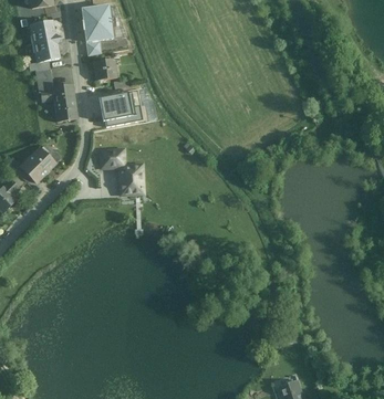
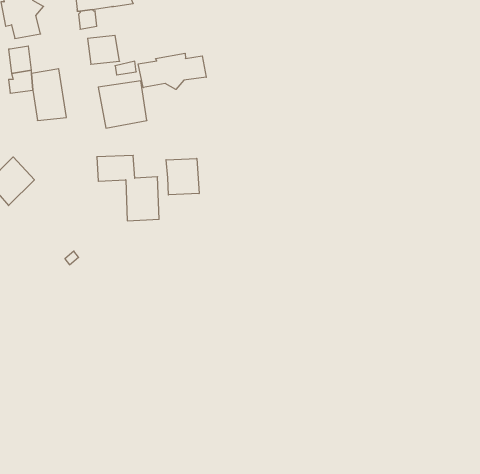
building: none -> [138,53,206,89]
building: none -> [166,158,199,195]

